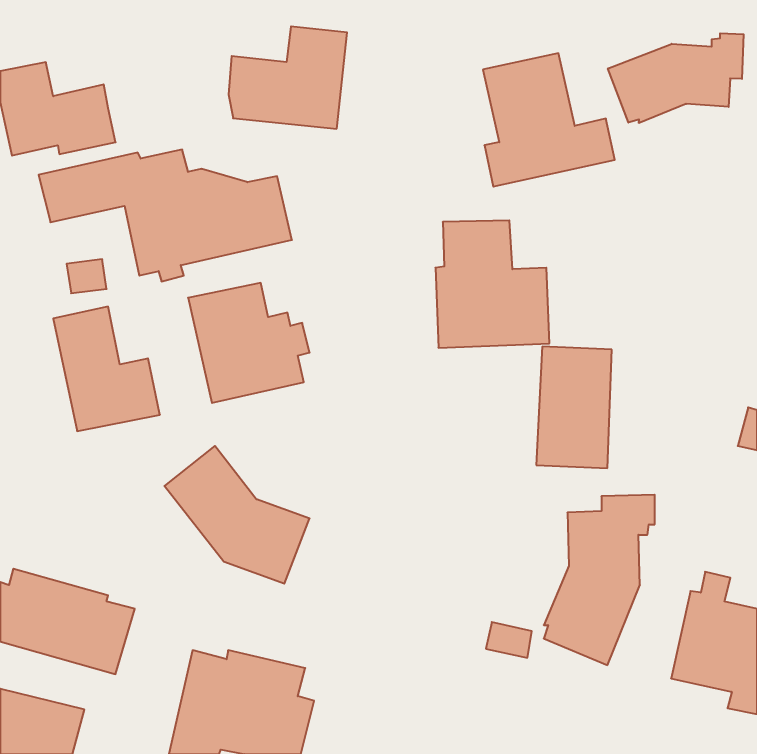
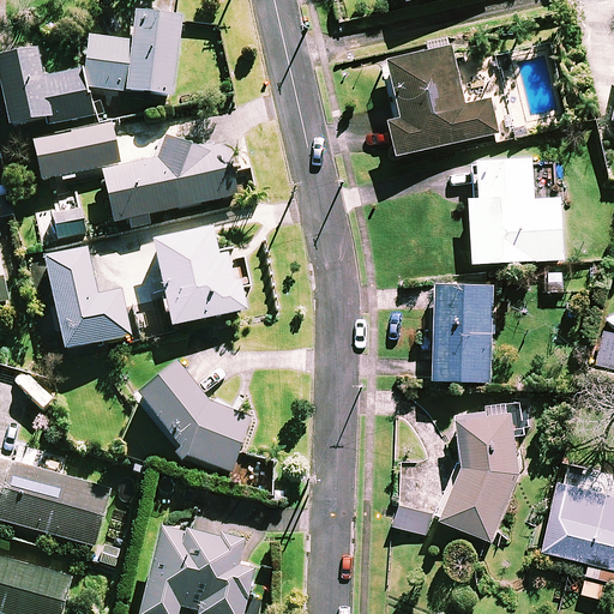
building: [229,26,347,129] -> [84,13,180,96]
building: [608,33,744,123] -> none
building: [435,220,549,348] -> [472,157,565,260]

